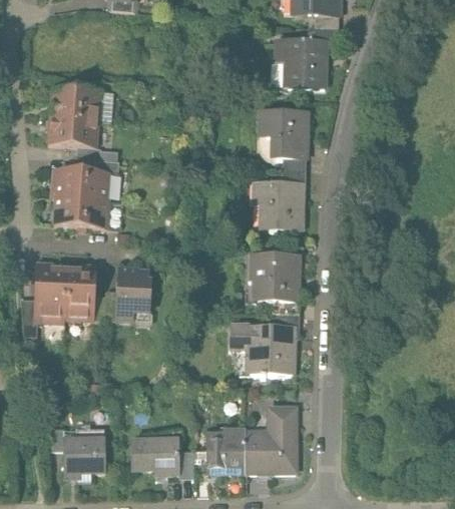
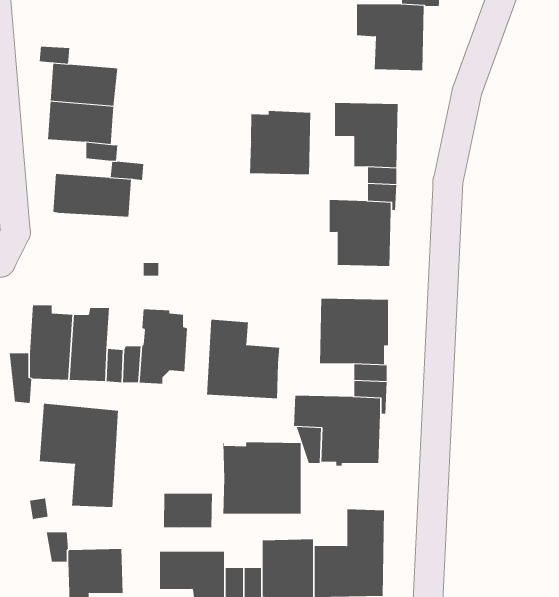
building: none -> [249,110,311,175]
building: [54,198,108,229] -> none
building: none -> [207,319,280,399]
building: none -> [39,403,119,508]
building: none -> [223,441,301,515]
building: none -> [163,493,212,528]

